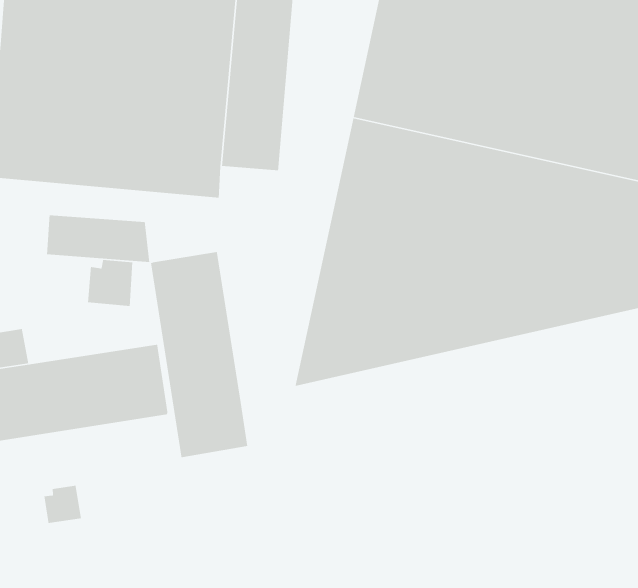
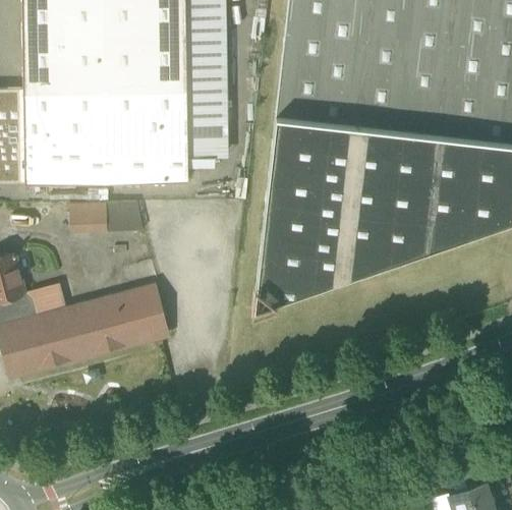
building: [150,251,248,458] -> none
building: [87,259,133,307] -> none
building: [43,485,82,524] -> none

